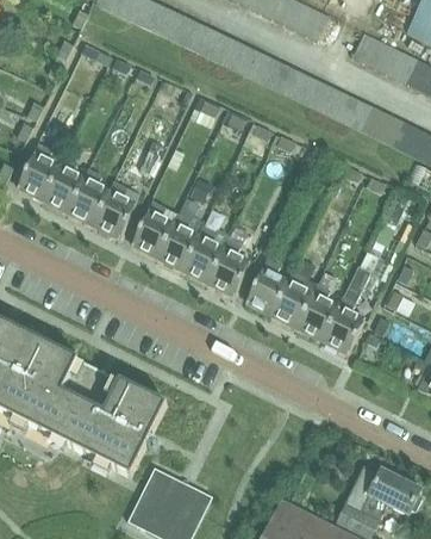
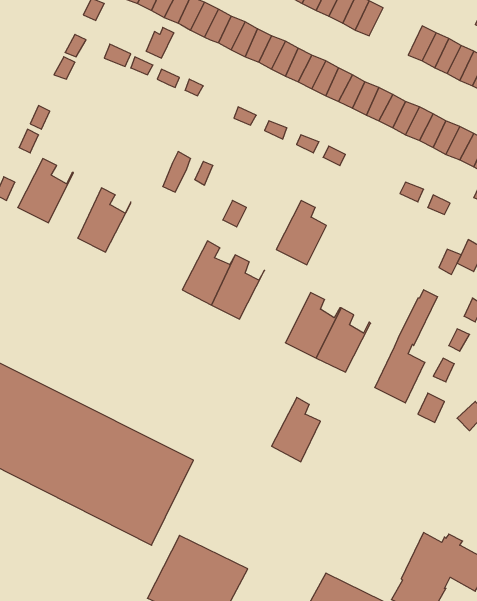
building: [43,156,88,212] -> none
building: [92,182,135,237] -> none
building: [131,202,179,256] -> none
building: [206,240,249,295] -> [276,201,326,265]
building: [296,285,338,340] -> [272,397,320,462]

